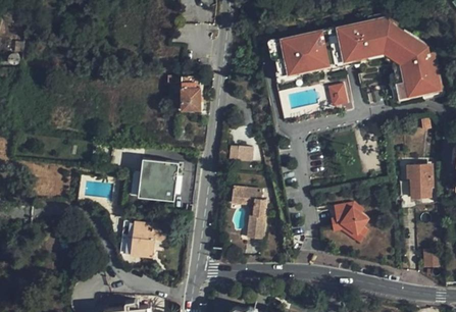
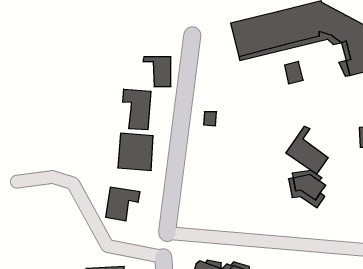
building: none -> [123,89,151,130]
building: none -> [286,126,328,174]
building: [231,188,265,240] -> none

